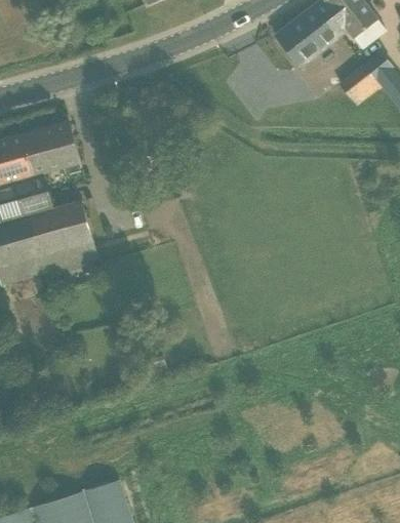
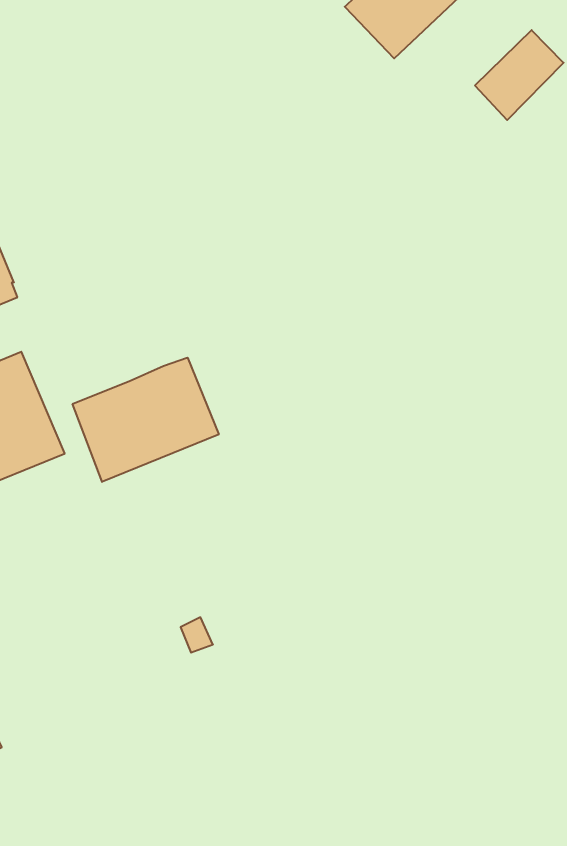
building: none -> [73,358,219,482]

